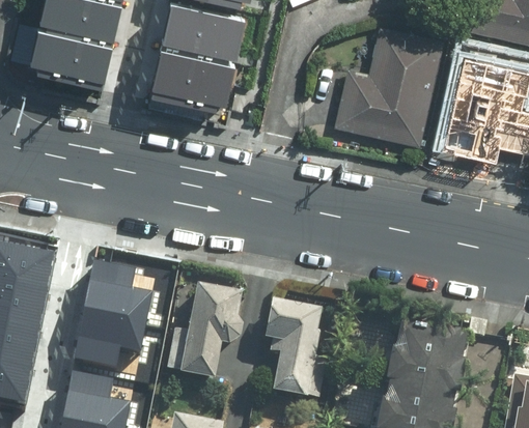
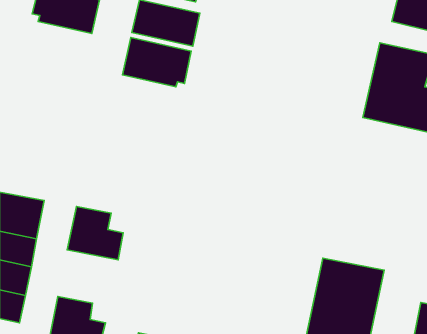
building: [337,26,446,145] -> none
building: [32,30,113,88] -> none
building: [178,286,245,383] -> none
building: [262,298,324,399] -> none
building: [74,311,145,365] -> none

